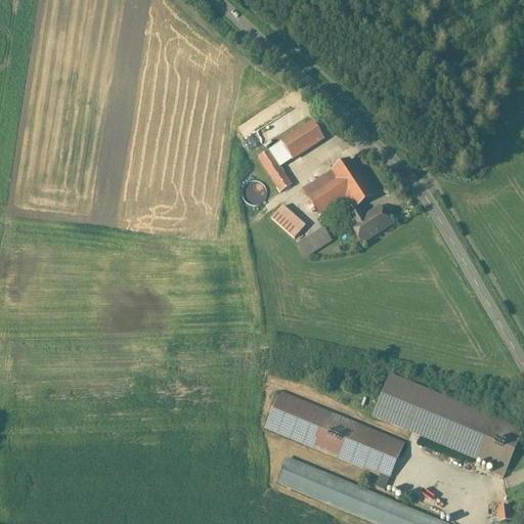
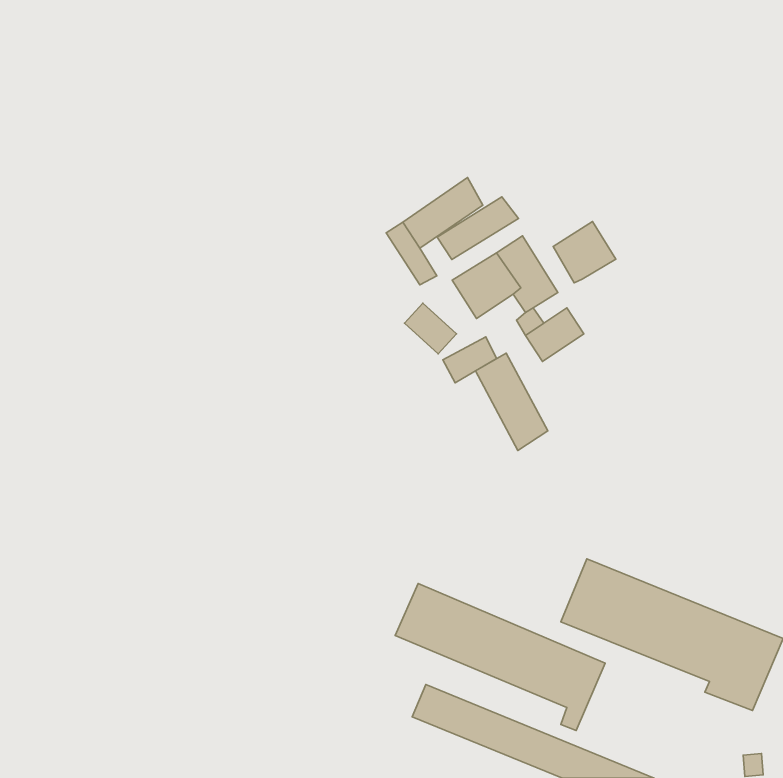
building: none -> [437,197,519,259]
building: none -> [553,221,616,283]
building: [242,179,266,204] -> none
building: none -> [476,353,548,451]

